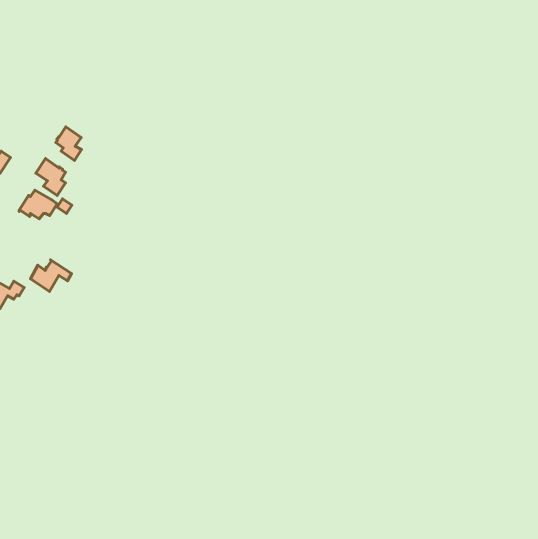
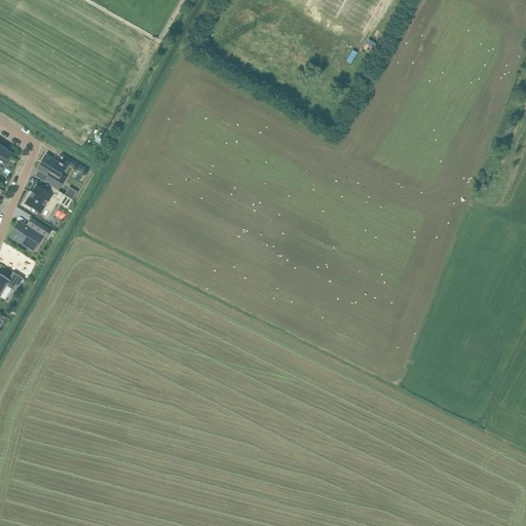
building: [56,127,81,160] -> none
building: [30,260,72,292] -> [9,217,49,248]

